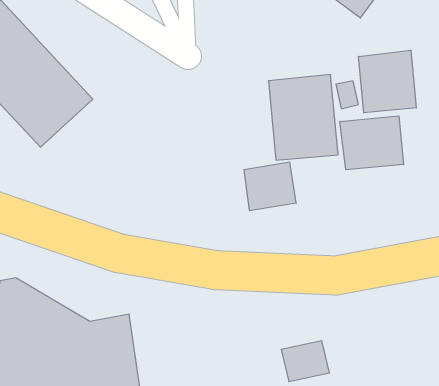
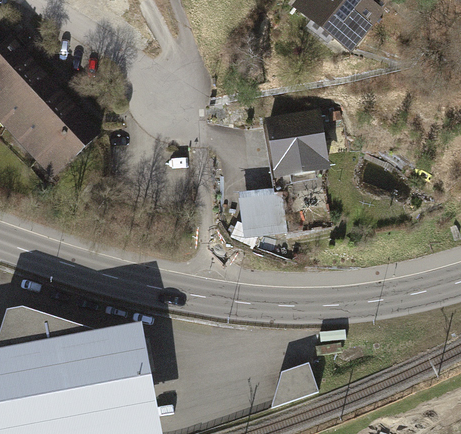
building: [359,50,416,113] -> none
building: [340,116,403,170] -> none

